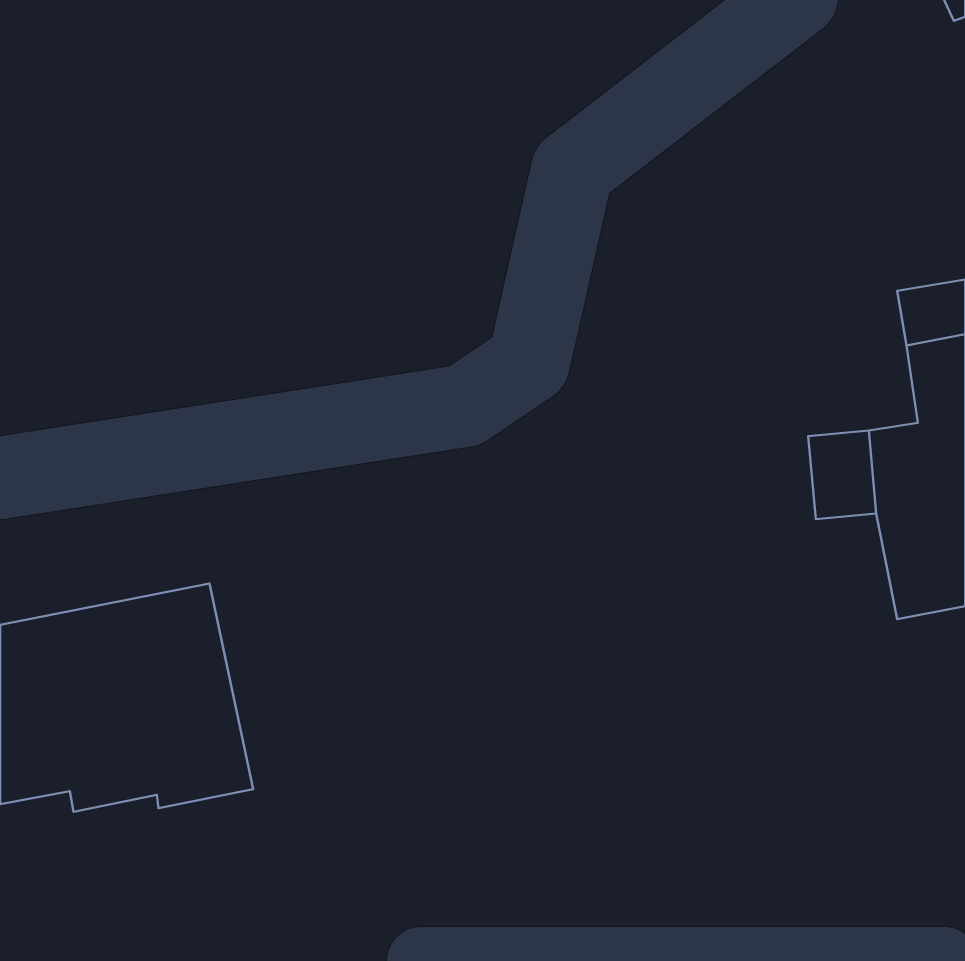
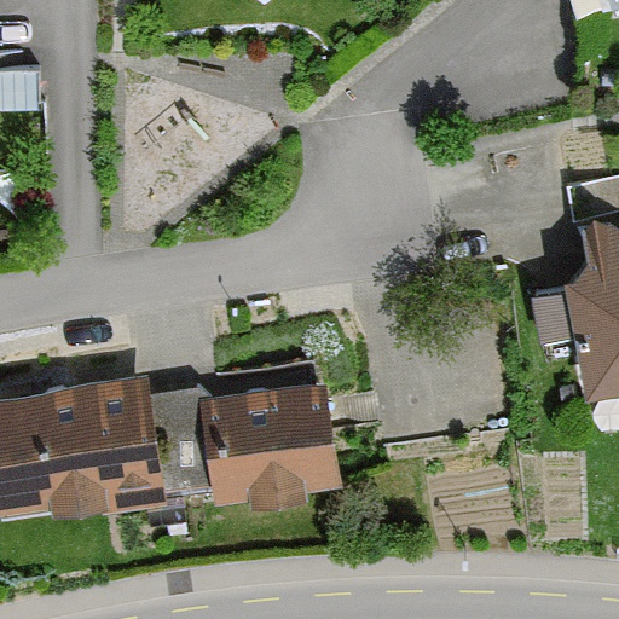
building: none -> [195,384,341,511]

